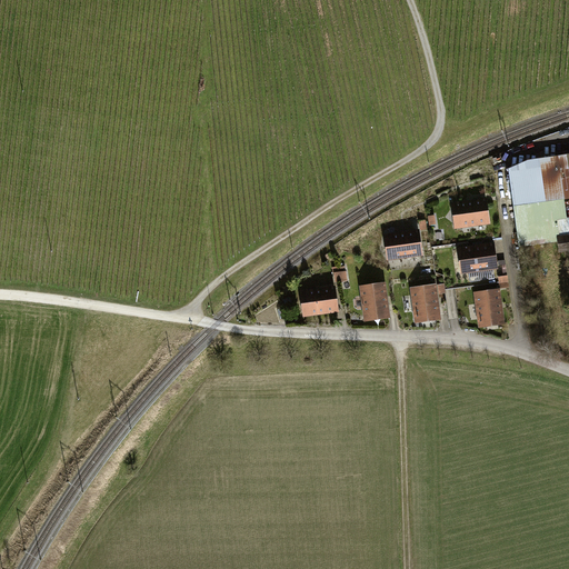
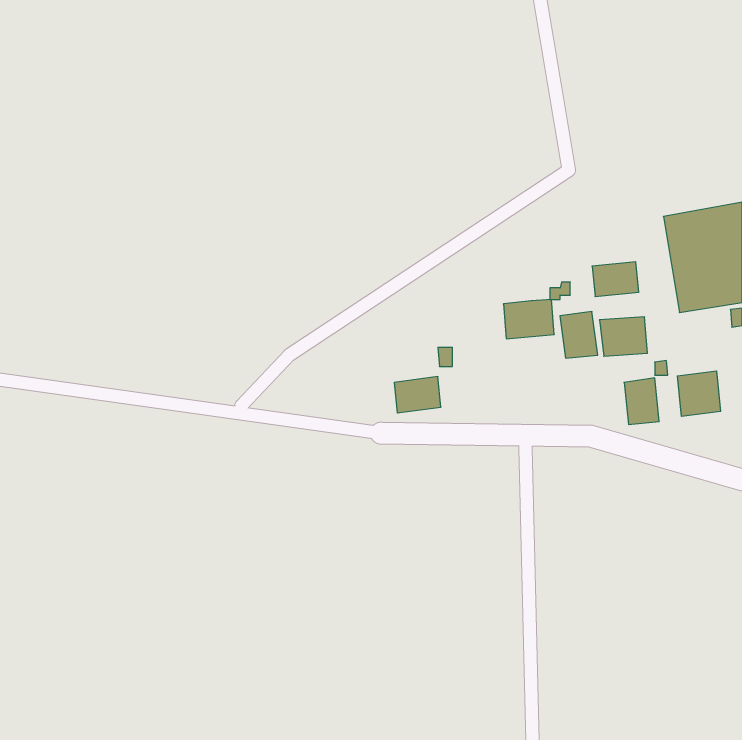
building: none -> [677,371,721,416]
building: [361,284,389,319] -> none
building: [412,286,441,321] -> [560,312,598,358]

